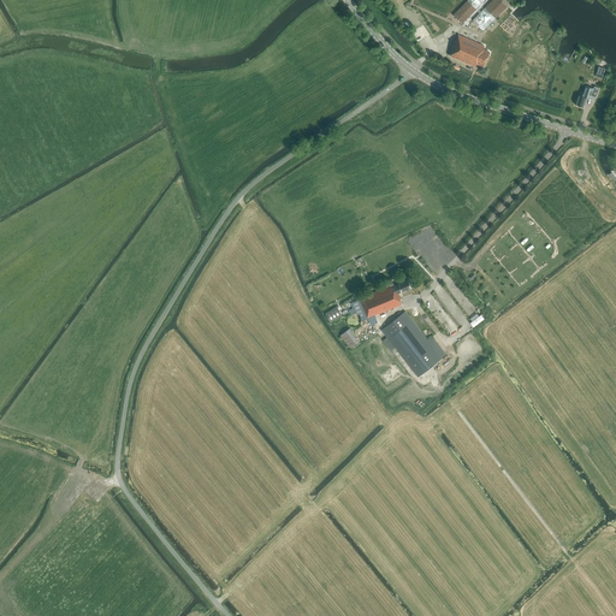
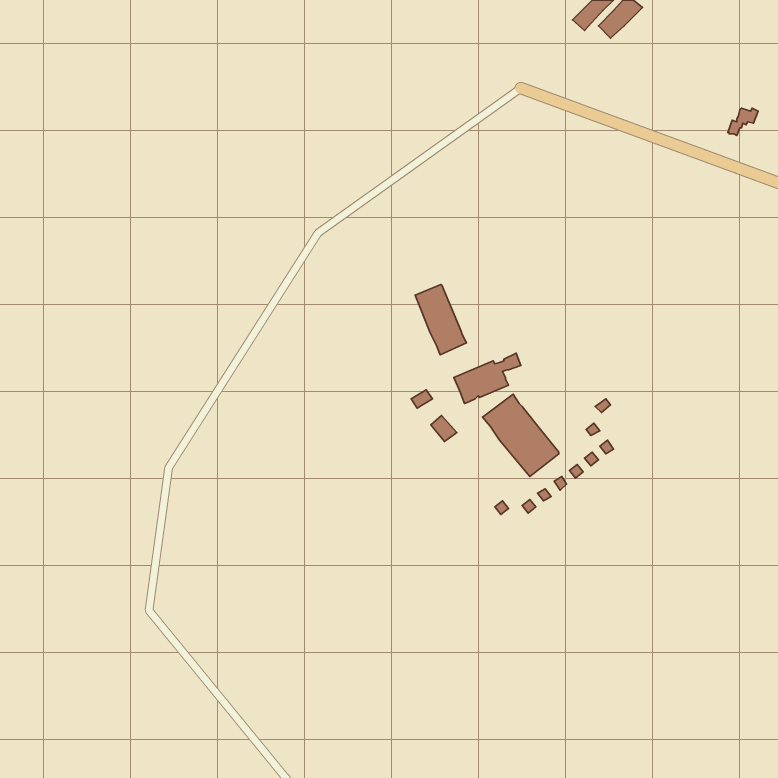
building: [449,35,490,67] -> none
building: none -> [415,284,466,355]

